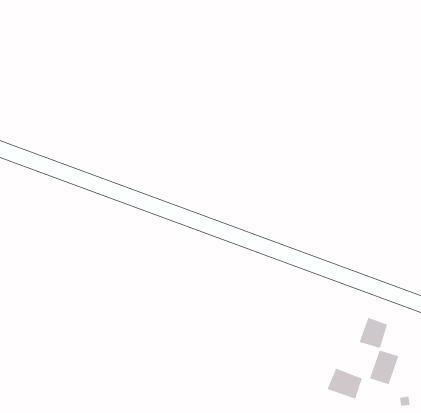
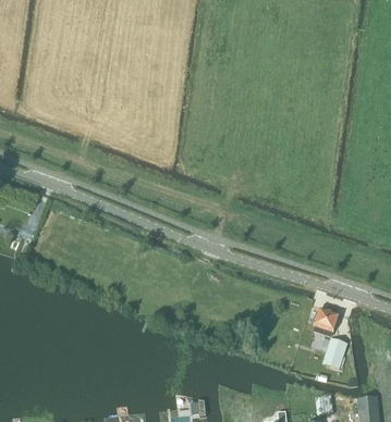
building: [327,368,363,400] -> none

